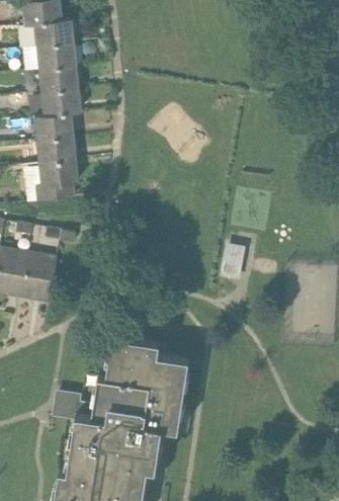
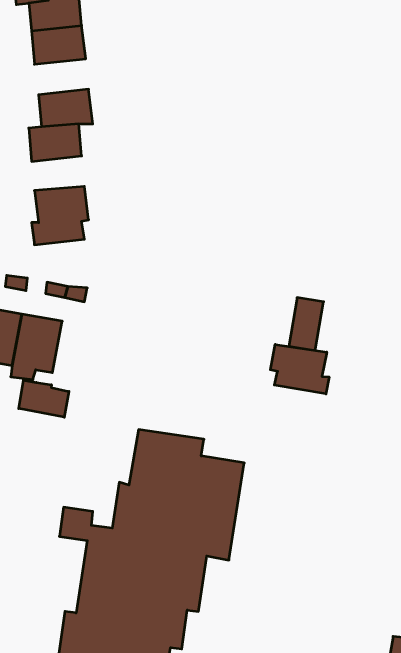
building: [37,67,77,93] -> none
building: [35,138,74,163] -> none
building: none -> [270,344,329,394]
building: none -> [19,380,69,417]

